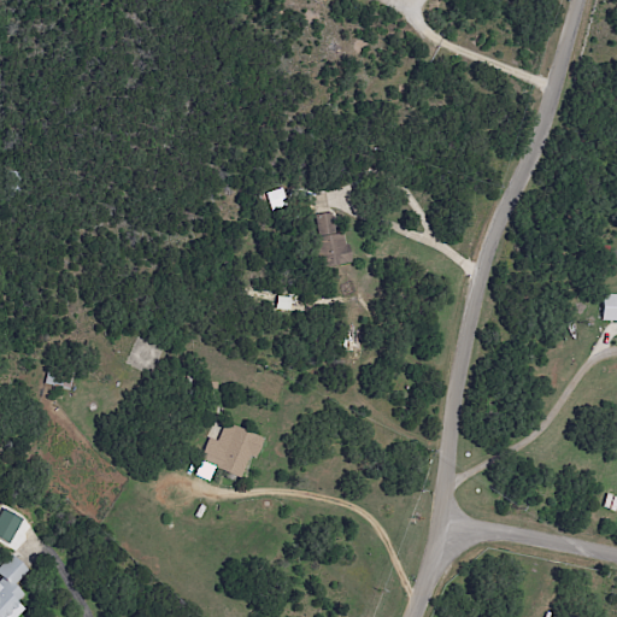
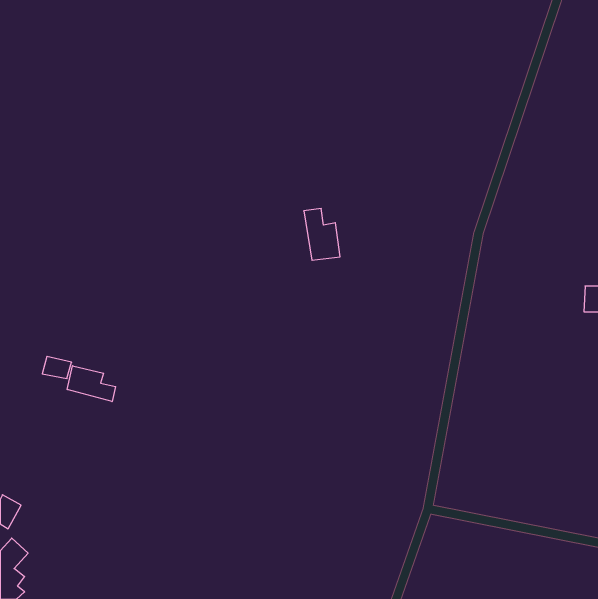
building: none -> [67,366,116,402]
building: [195,424,264,480] -> none

